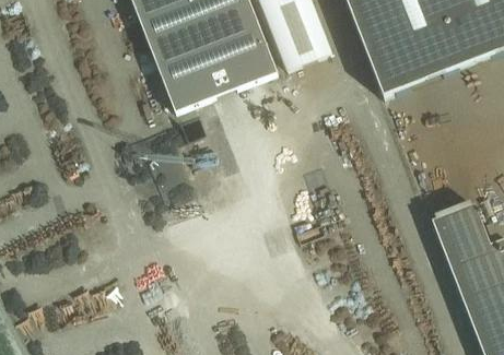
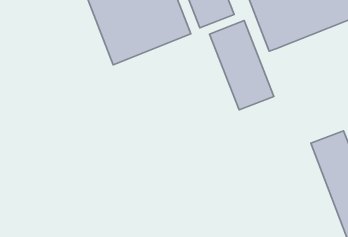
building: none -> [210,20,274,110]

